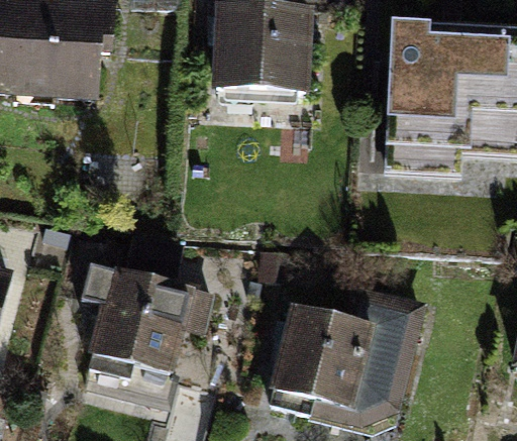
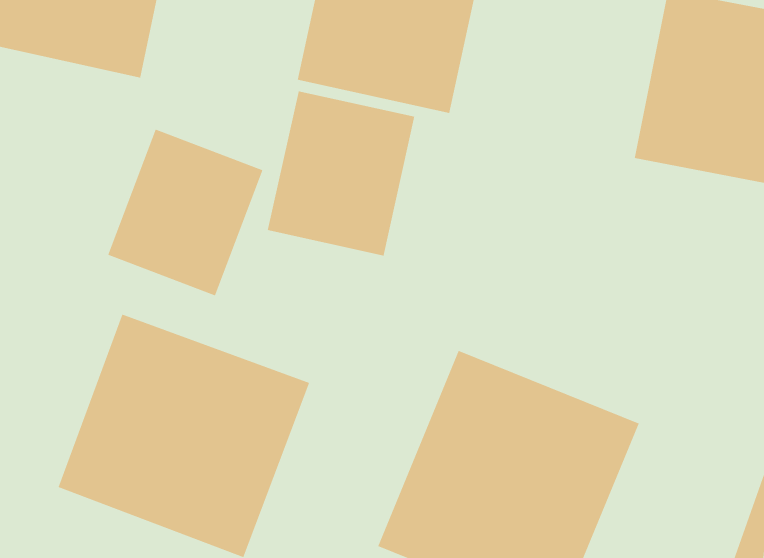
building: none -> [267,90,415,256]
building: none -> [107,128,263,296]

